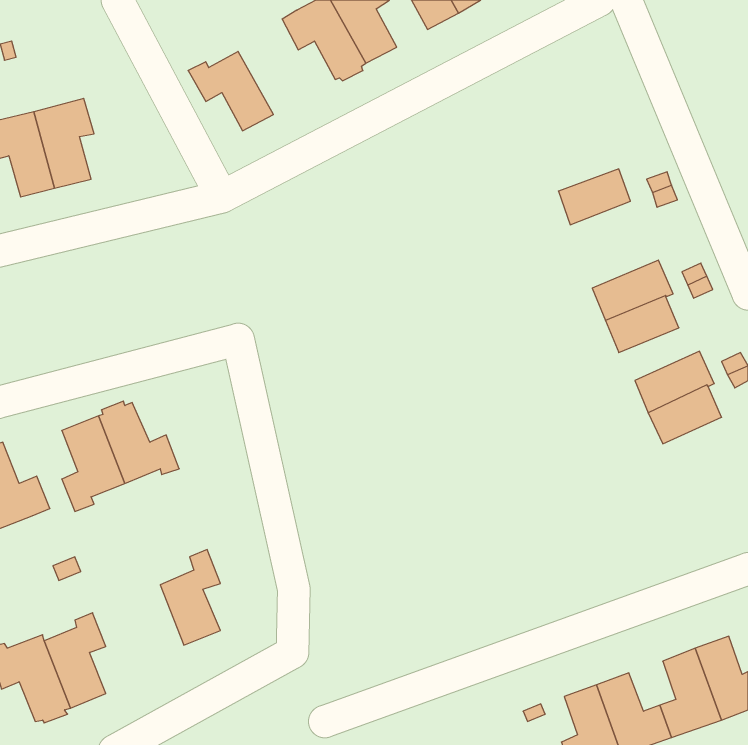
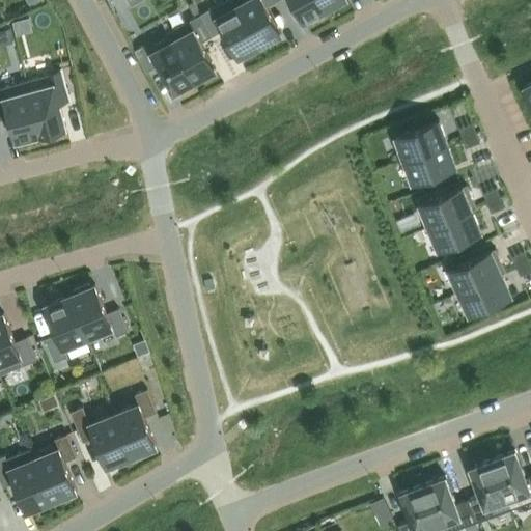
building: none -> [165,18,215,85]
building: none -> [402,146,454,186]
building: none -> [69,410,130,470]

